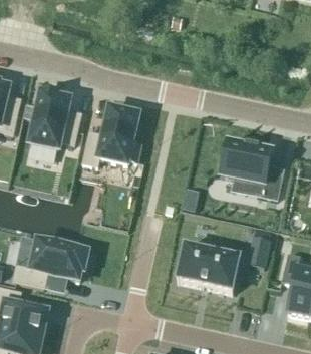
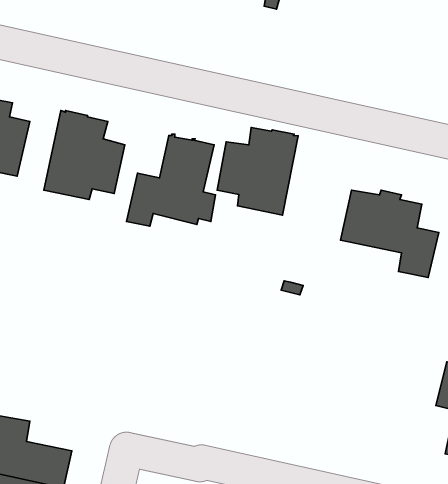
building: none -> [217,127,298,215]
building: [12,239,87,286] -> none
building: [177,244,240,292] -> none

